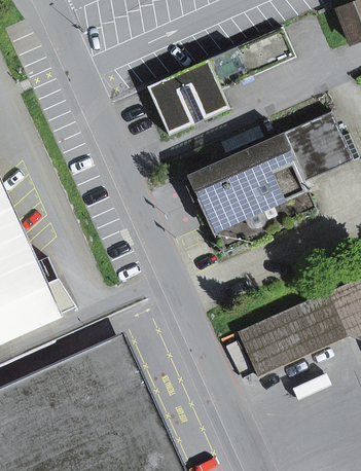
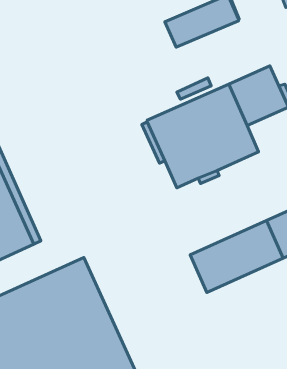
building: [148,60,230,136] -> none

